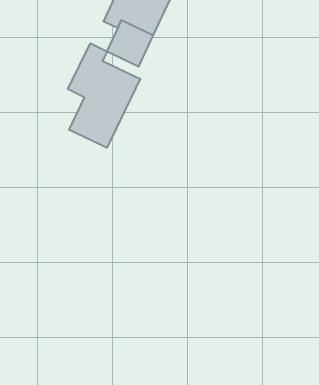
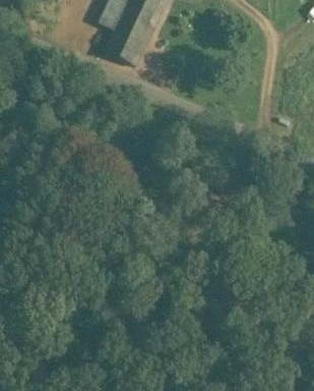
building: [68,43,140,148] -> none

